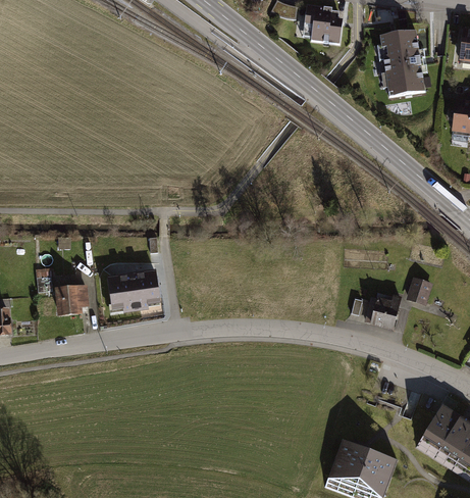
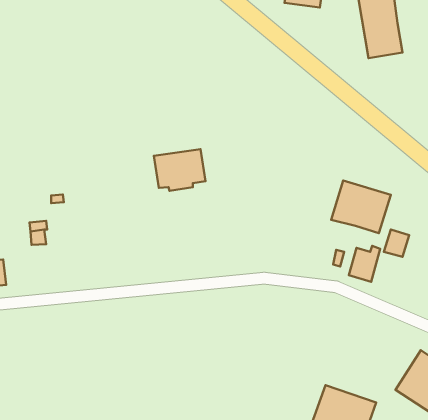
building: none -> [331,181,391,233]
building: [108,268,162,312] -> [154,149,205,191]
building: [53,284,88,314] -> none

